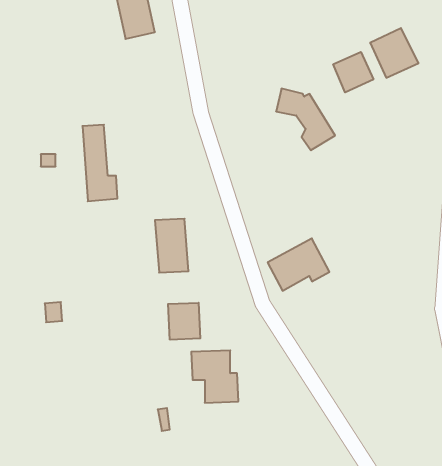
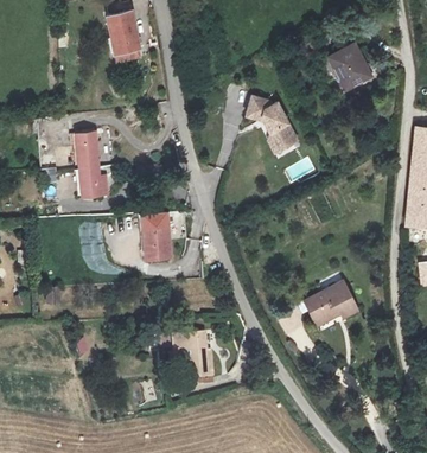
building: [333,52,373,92] -> none
building: [268,238,329,291] -> [304,280,358,326]
building: [168,303,200,340] -> none

